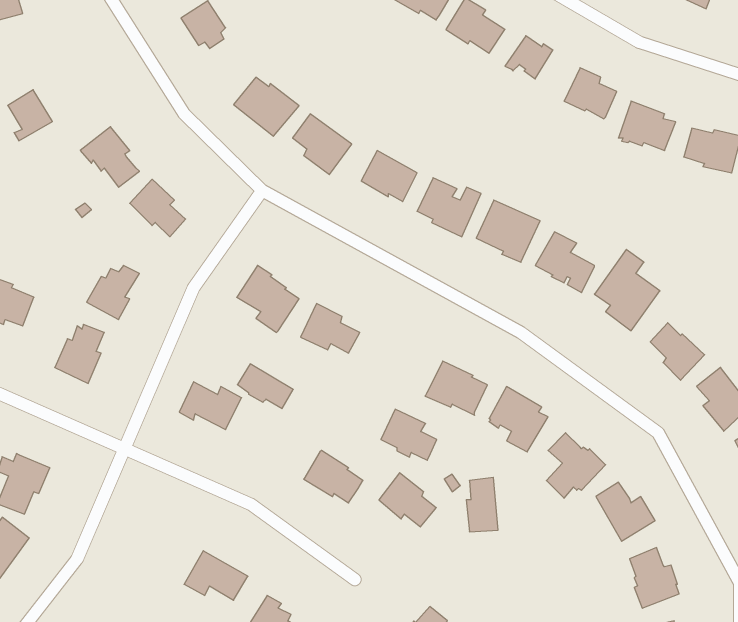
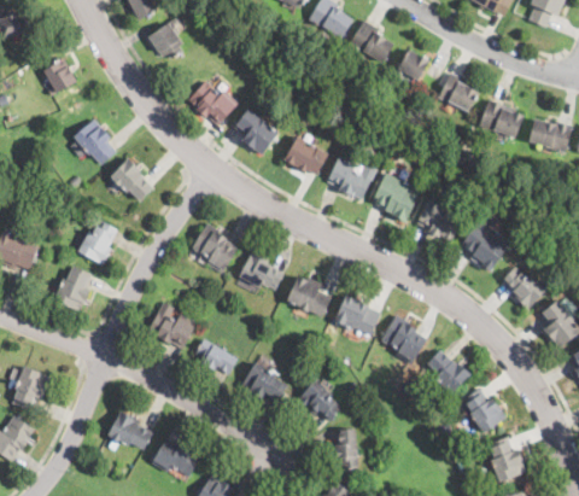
building: [8,90,52,141] -> [42,58,76,97]
building: [237,364,293,409] -> [194,339,236,373]
building: [381,409,437,460] -> [286,278,328,316]
building: [466,477,498,532] -> [334,428,358,469]
building: none -> [107,409,152,451]

